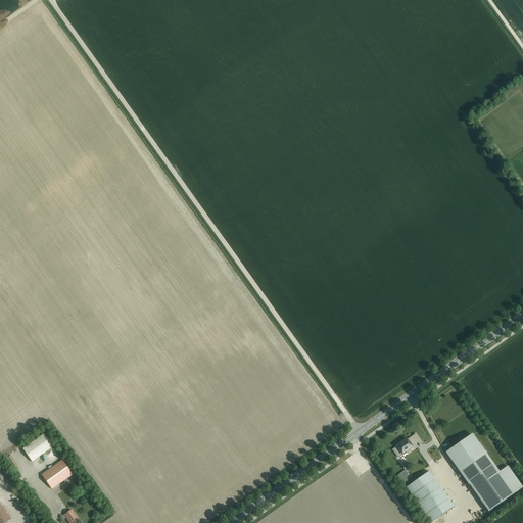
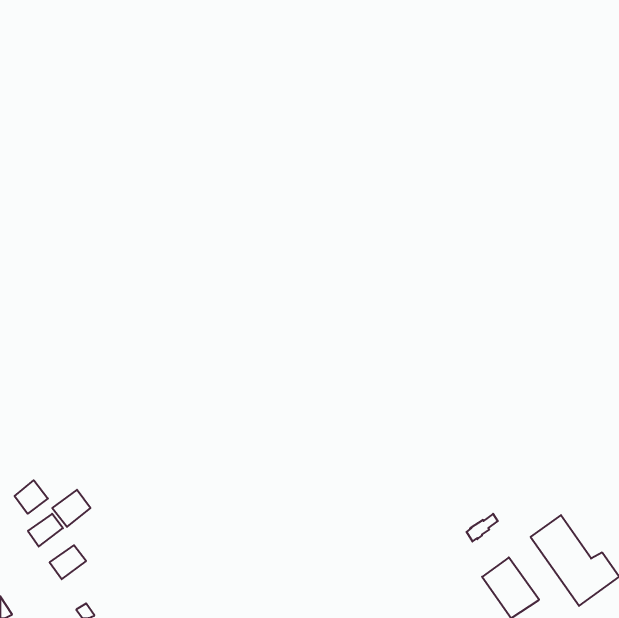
building: none -> [15,480,48,514]
building: none -> [52,490,90,527]

